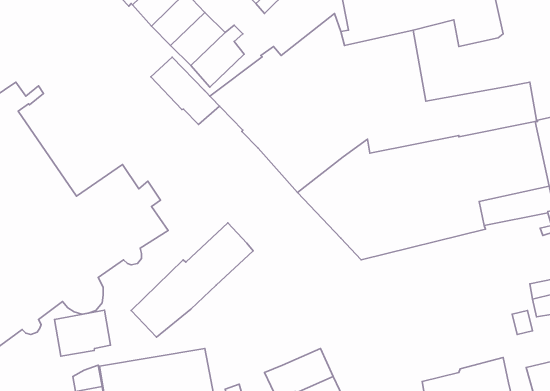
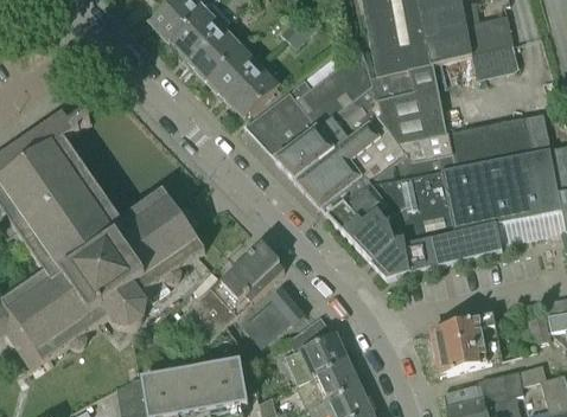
building: [151,57,220,125] -> none
building: none -> [243,286,305,345]
building: none -> [431,312,495,374]
building: none -> [289,315,348,376]
building: [55,310,110,356] -> none

